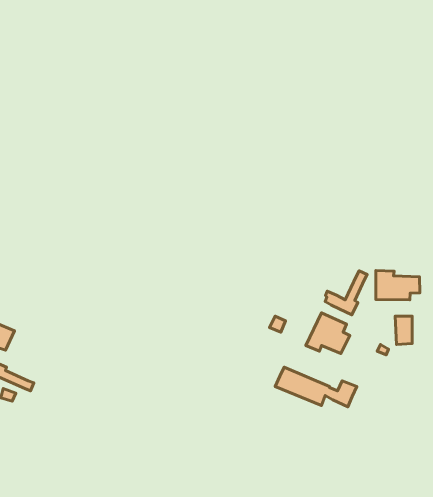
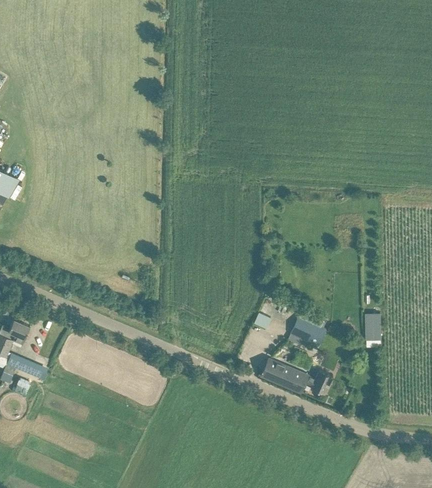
building: [376,270,420,300] -> none
building: [325,271,367,315] -> none

